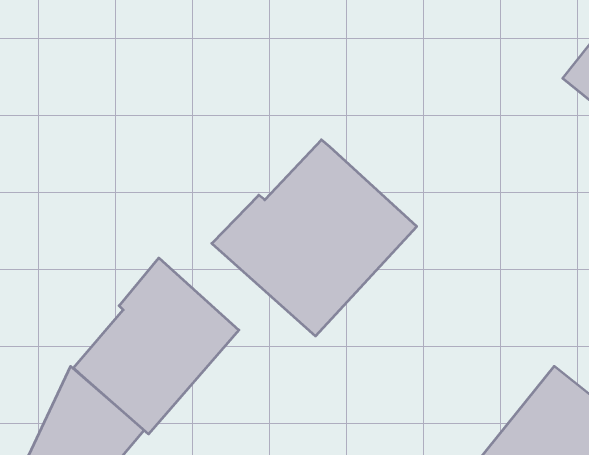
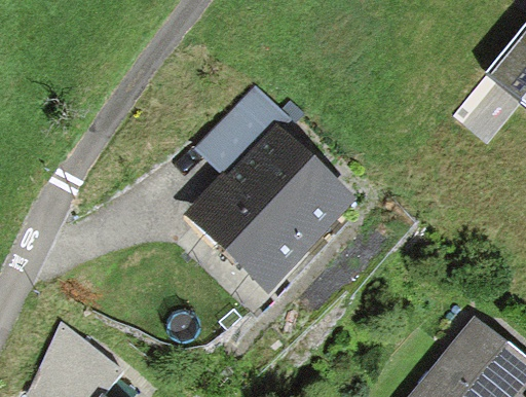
building: none -> [197,83,294,175]
building: [74,258,239,434] -> none

